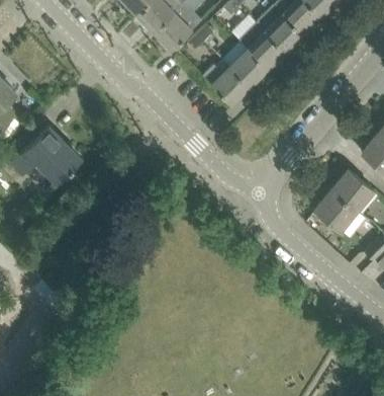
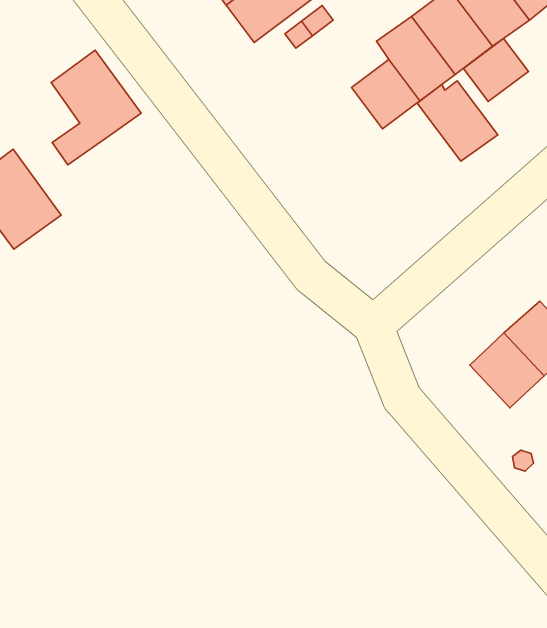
building: none -> [464,38,528,102]
building: [201,61,248,104] -> [417,81,498,161]
building: none -> [51,50,141,165]

